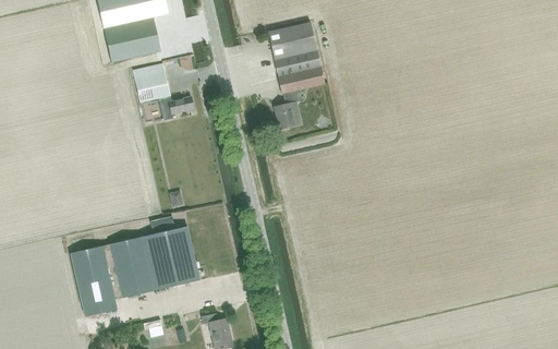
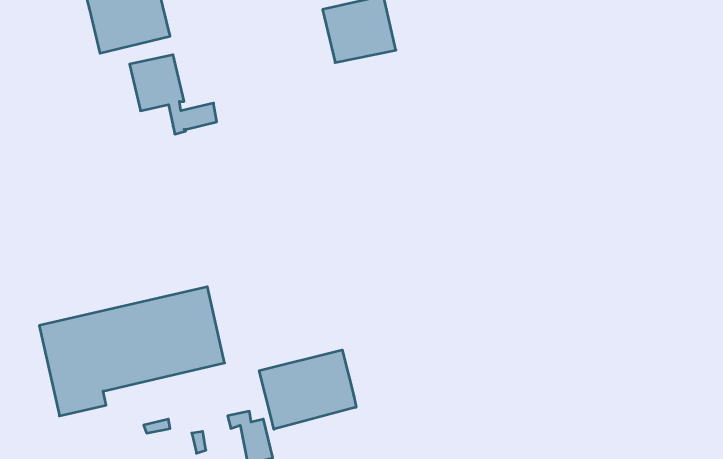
building: [274,60,325,129] -> none
building: none -> [259,350,356,429]

